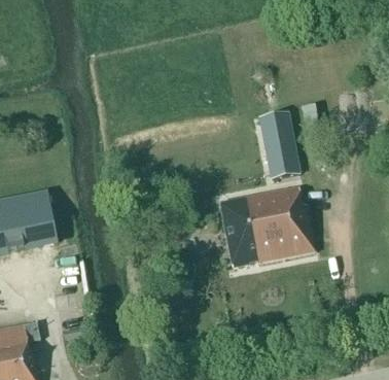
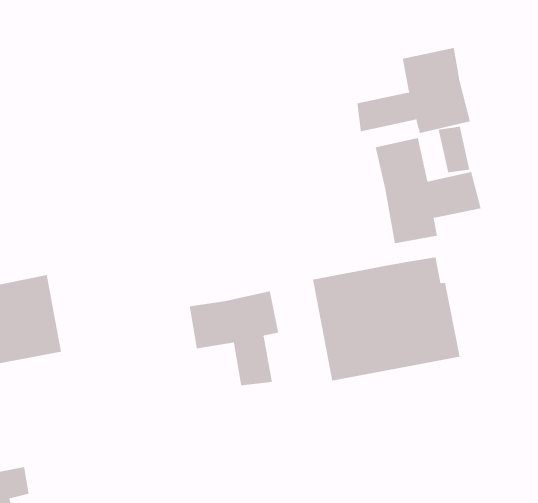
building: none -> [357,47,471,134]
building: none -> [189,291,279,386]

